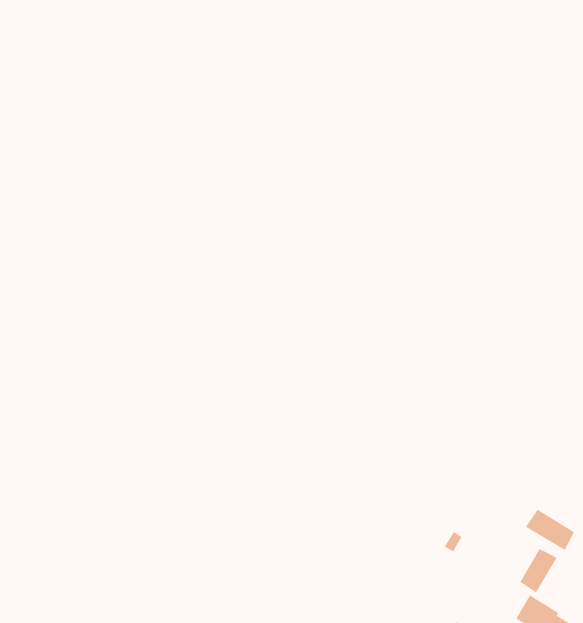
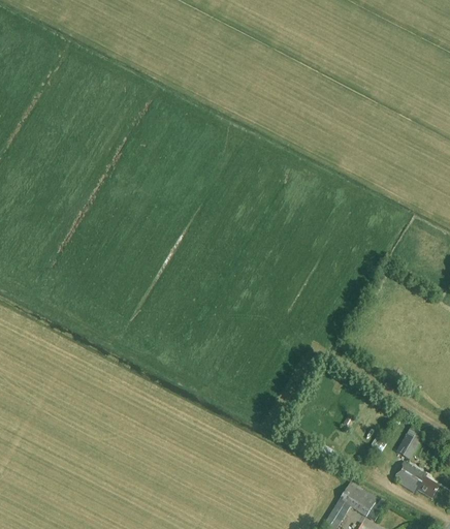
building: [525,509,575,551] -> none

